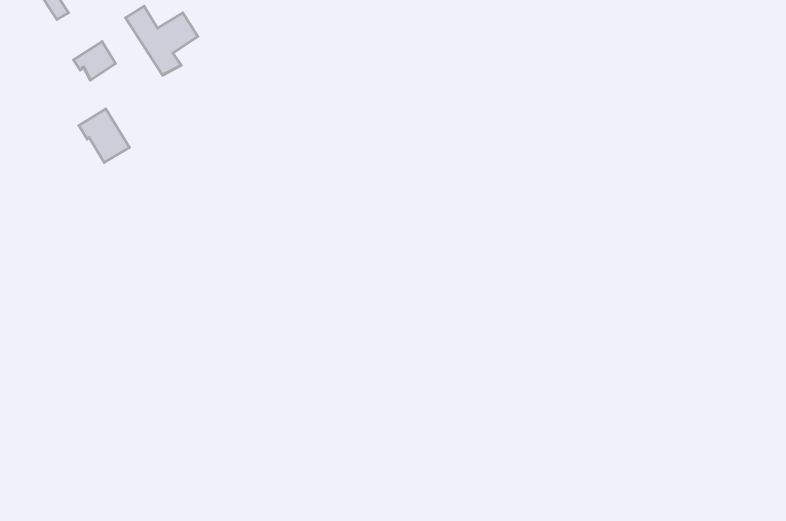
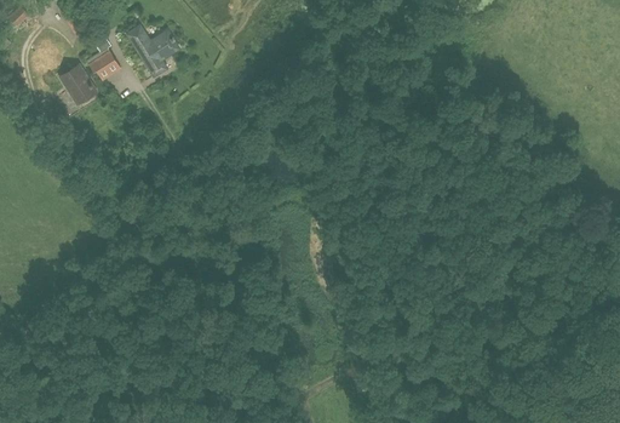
building: [79,109,129,163] -> [59,63,96,102]

